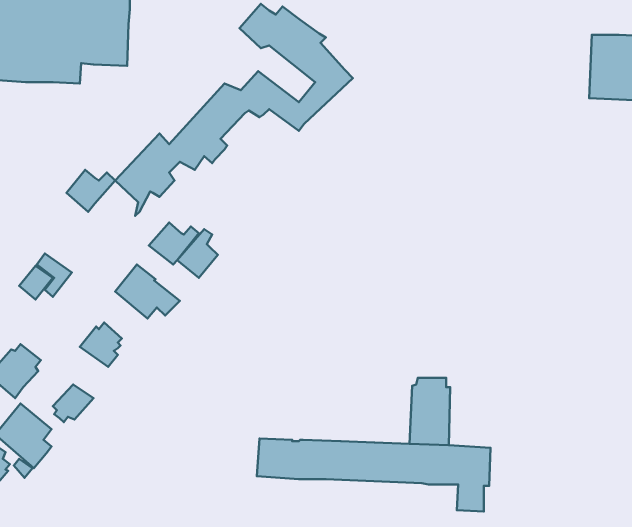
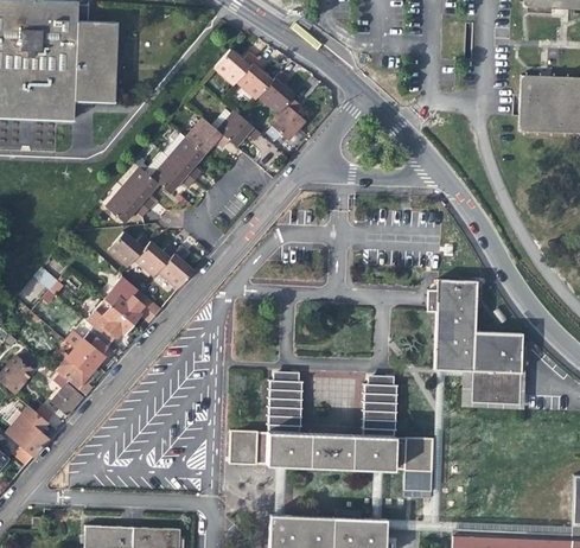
building: [66,170,115,212] -> [108,230,151,267]
building: none -> [428,278,523,410]
building: none -> [87,300,132,342]
building: none -> [52,349,97,394]
building: none -> [268,371,302,432]

